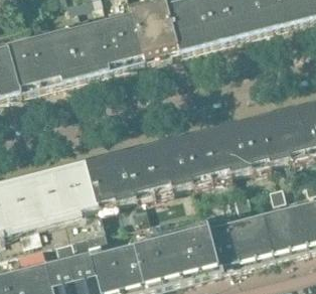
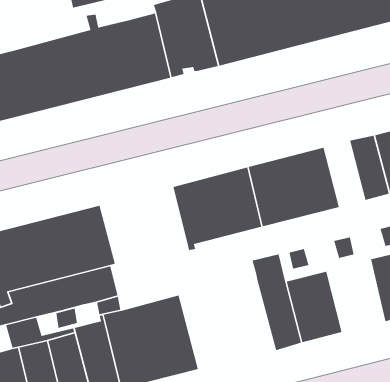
building: [263,108,294,159] -> none
building: [92,143,158,202] -> none
building: [265,198,309,255] -> none
building: [152,210,225,283] -> none

